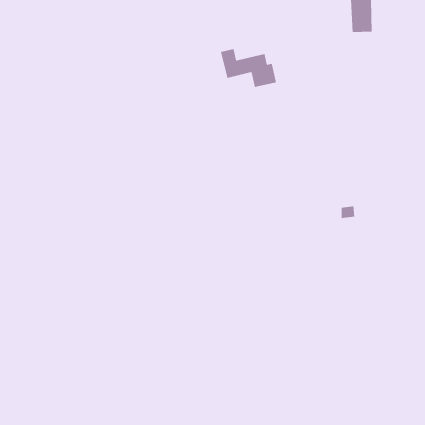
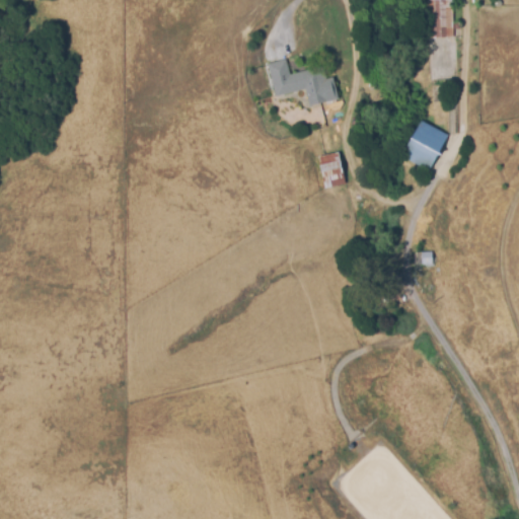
building: none -> [403,119,447,169]
building: none -> [318,151,343,189]

